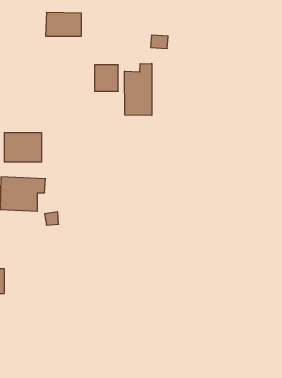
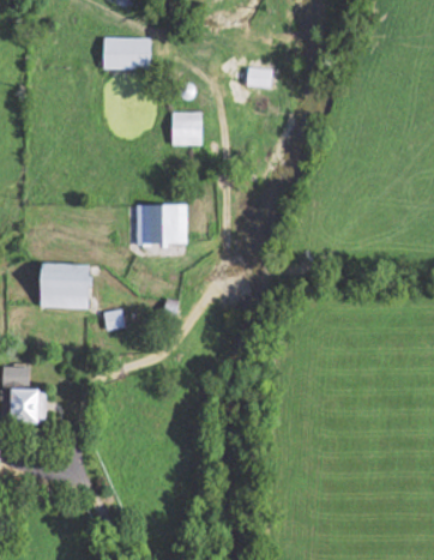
building: [125,63,152,115] -> none
building: [4,133,42,162] -> [135,205,187,245]

